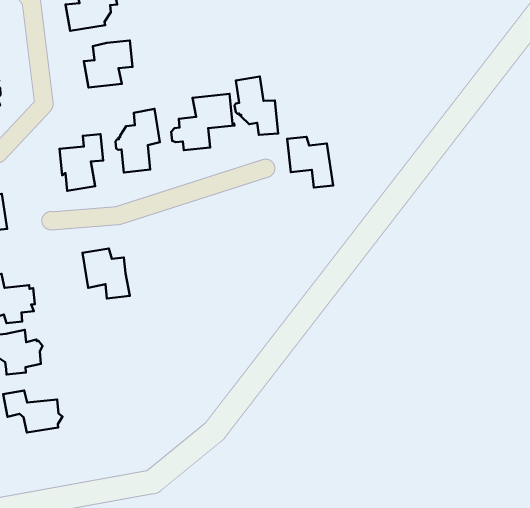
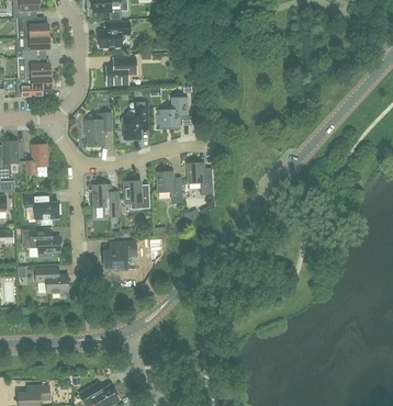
building: [235,77,278,135] -> none
building: [287,137,333,187] -> [187,161,212,193]
building: none -> [156,170,181,202]
building: none -> [123,179,149,207]
building: none -> [103,239,135,268]

